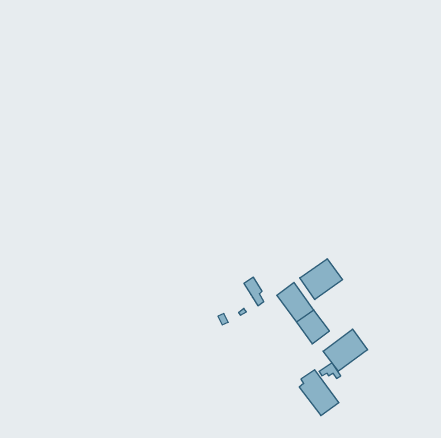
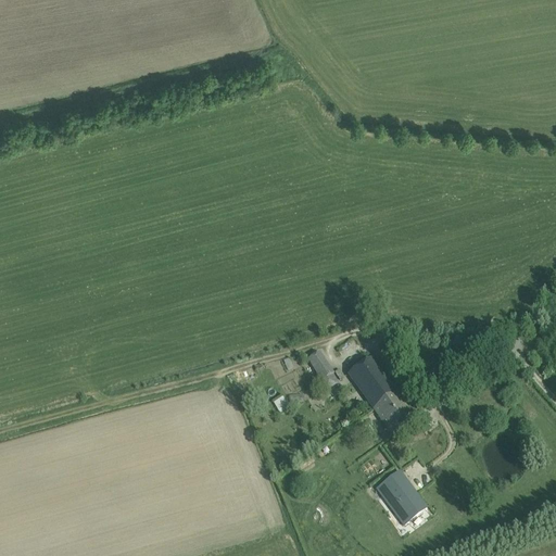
building: [300,259,343,300] -> none
building: [323,329,368,371] -> none

